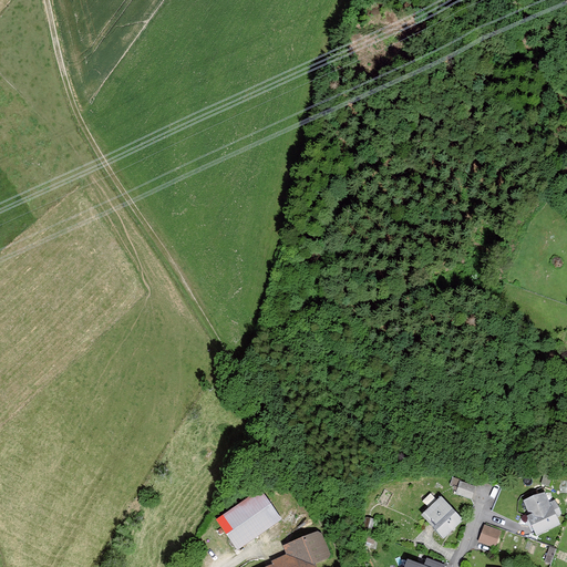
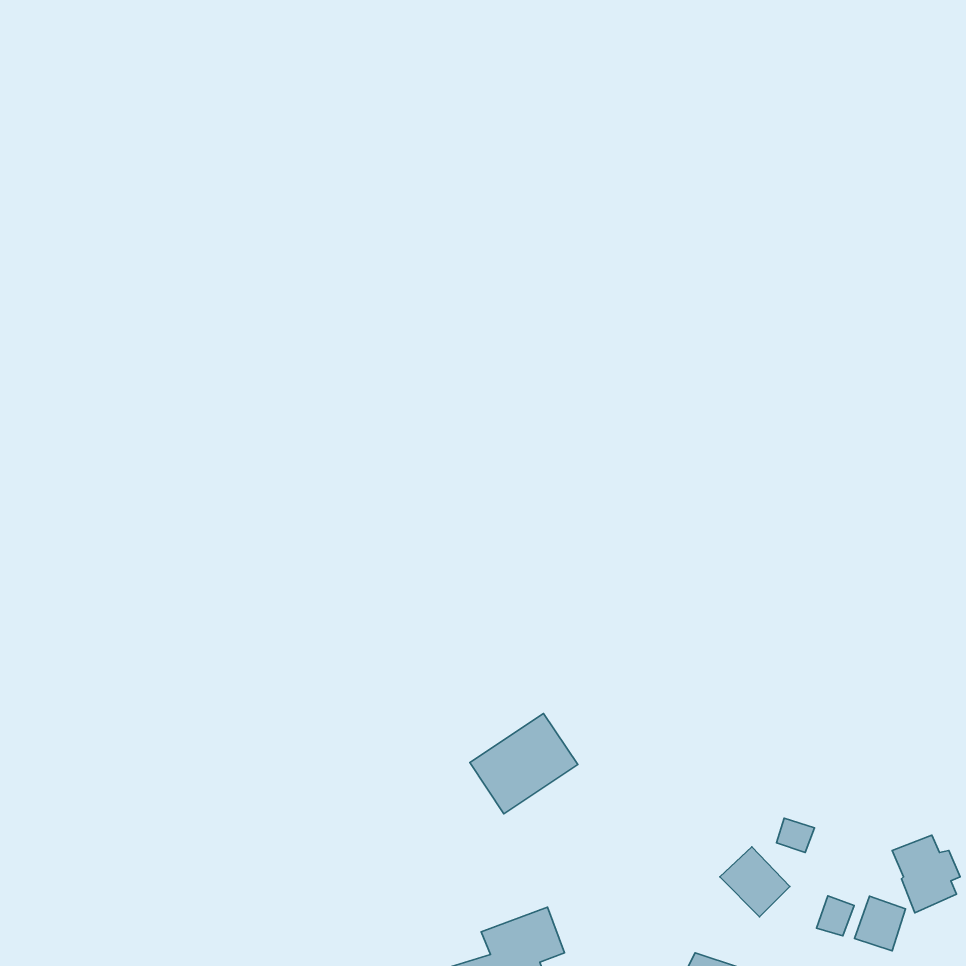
building: [217,489,280,548] -> [470,713,578,814]
building: none -> [854,896,906,951]

